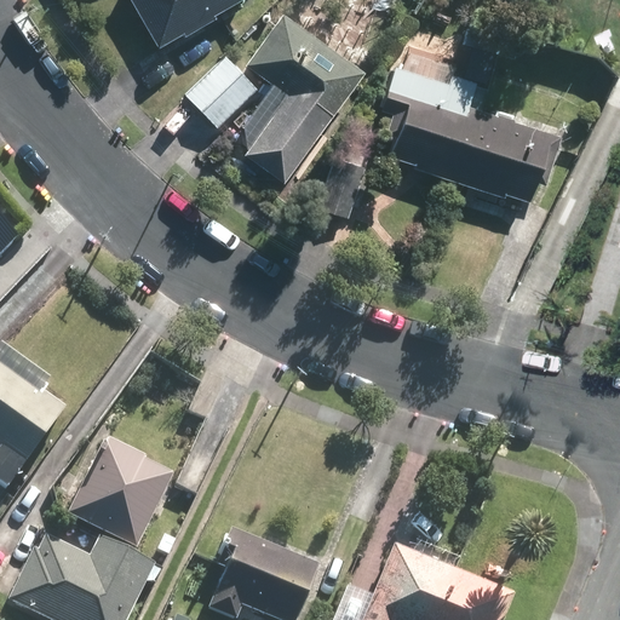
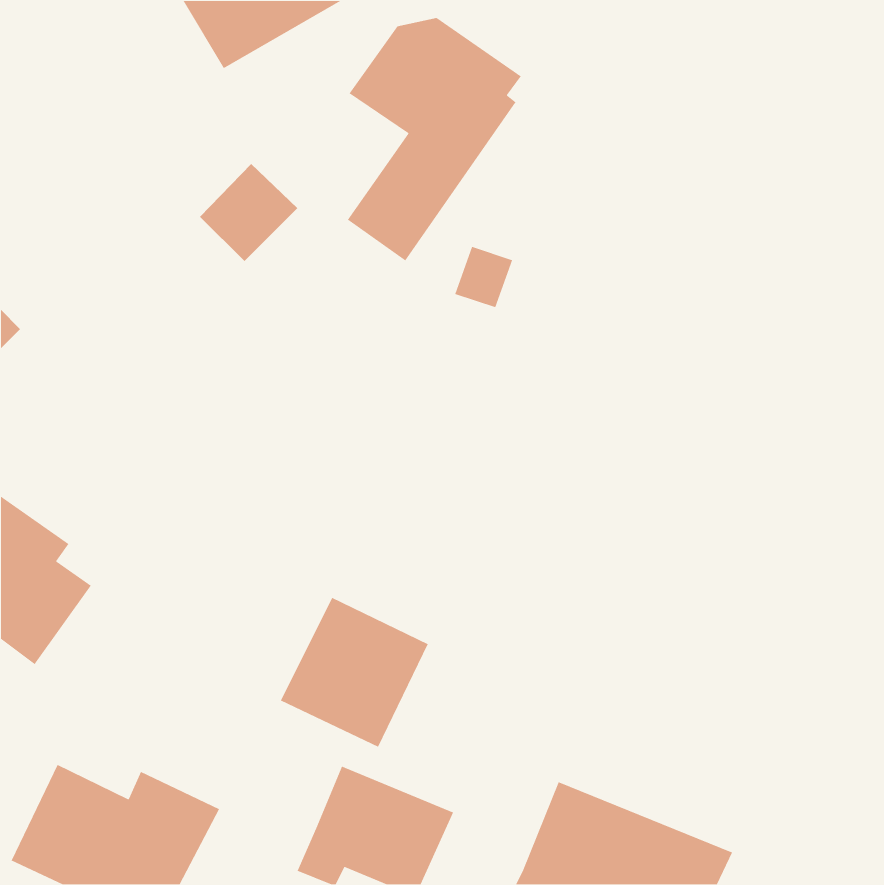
building: [362,50,551,206] -> none
building: [186,57,256,126] -> [199,163,298,262]
building: [68,443,172,549] -> [280,597,429,748]

